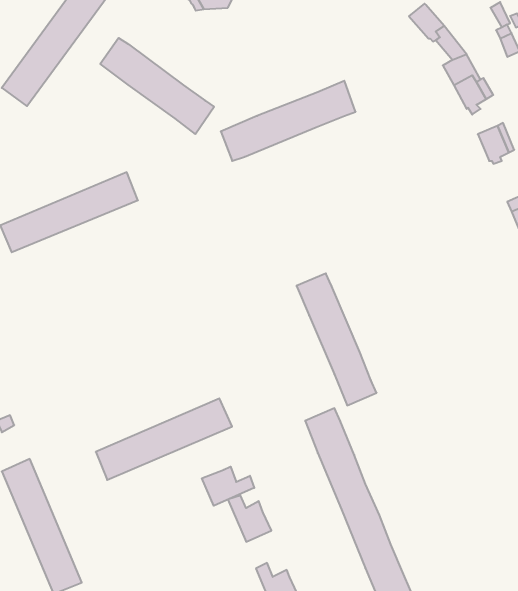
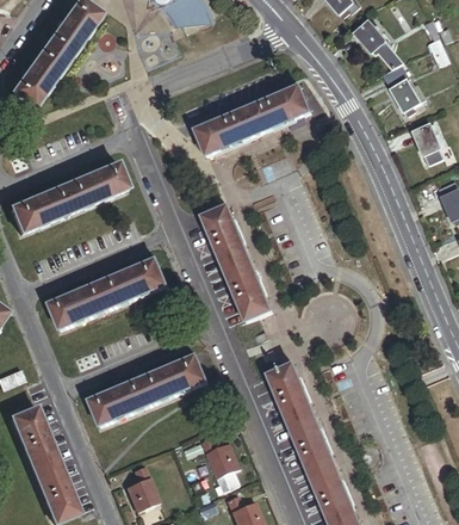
building: [100,38,214,134] -> none
building: [296,273,377,405] -> [203,208,271,320]
building: none -> [50,260,166,329]
building: [202,467,254,506] -> none
building: none -> [126,467,159,509]

